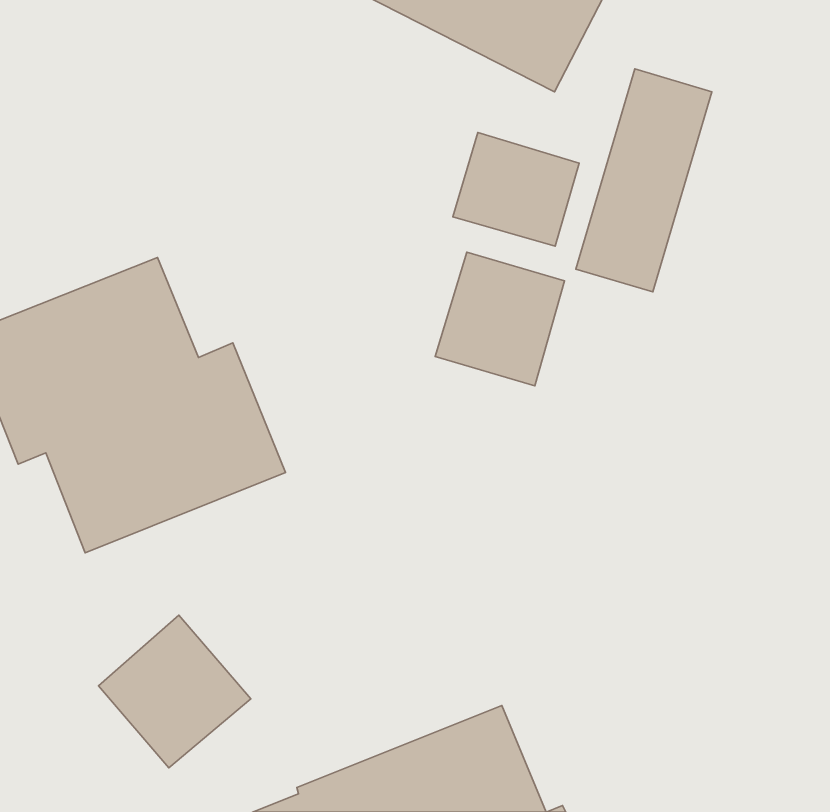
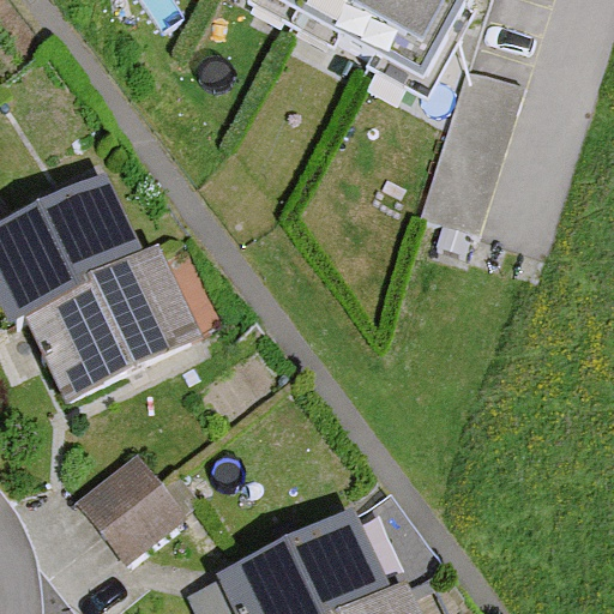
building: [453,132,579,246] -> none
building: [435,252,564,386] -> none

